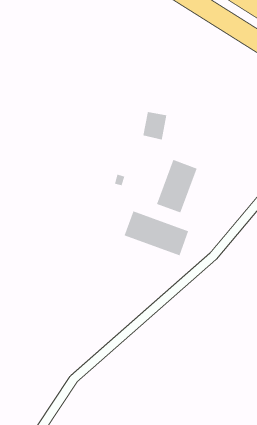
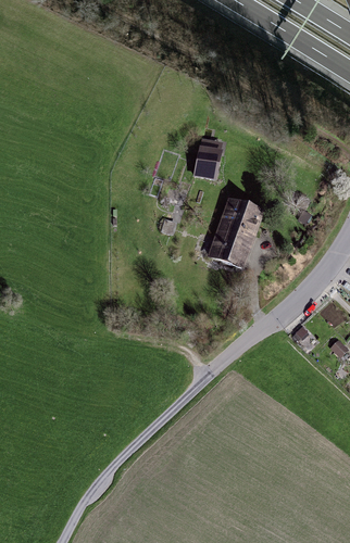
building: [124,211,189,256] -> none

